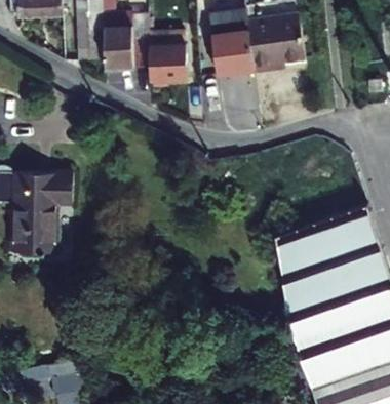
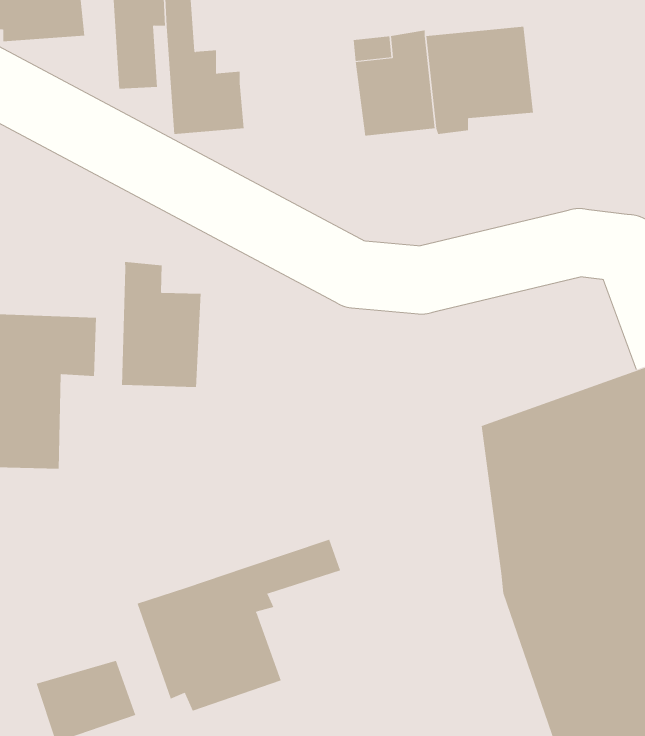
building: [147,45,185,80] -> none
building: none -> [121,261,201,388]
building: none -> [137,539,341,711]

